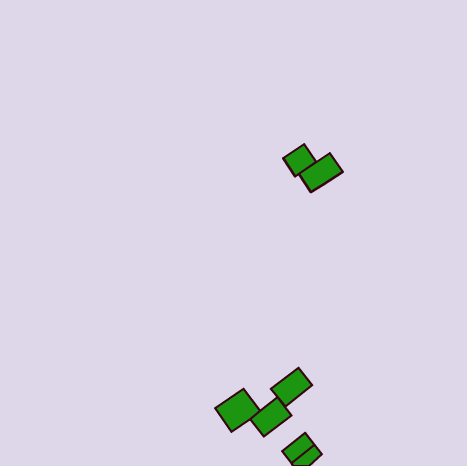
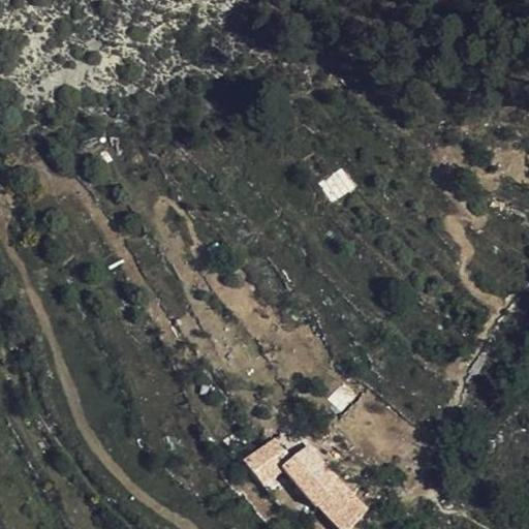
building: [299,153,343,192] -> none
building: [271,368,312,406] -> [300,467,346,510]

